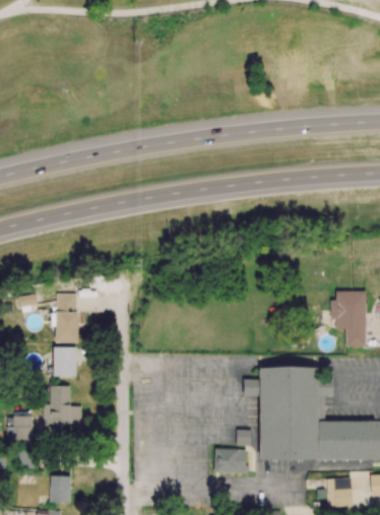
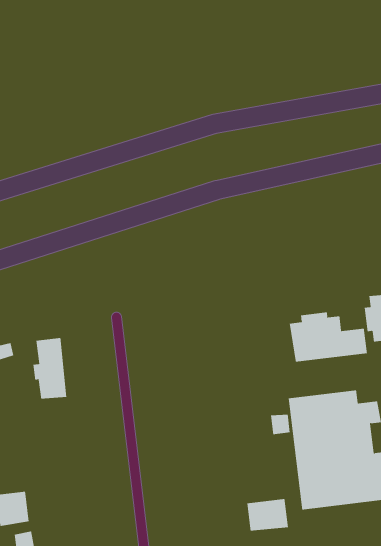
building: none -> [289,311,367,363]
building: [54,346,76,377] -> none
building: [44,385,81,427] -> none

